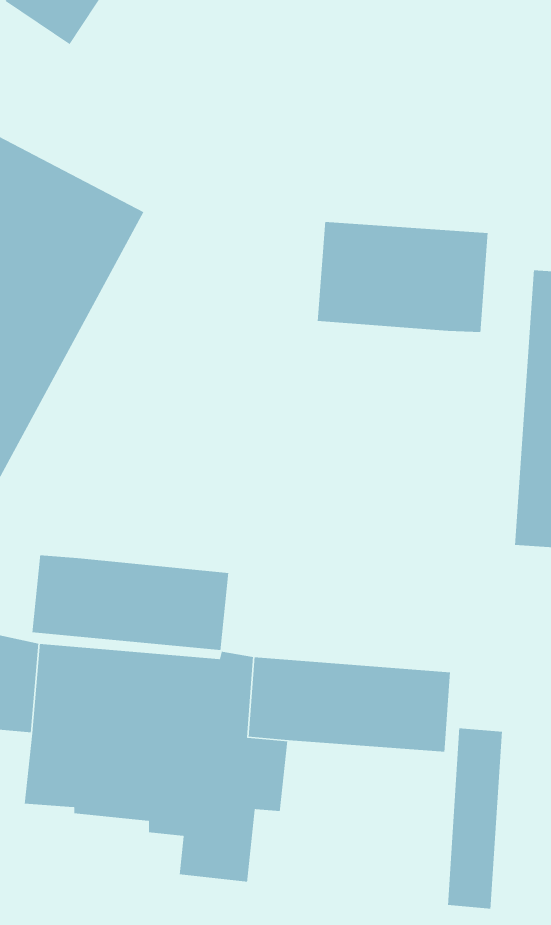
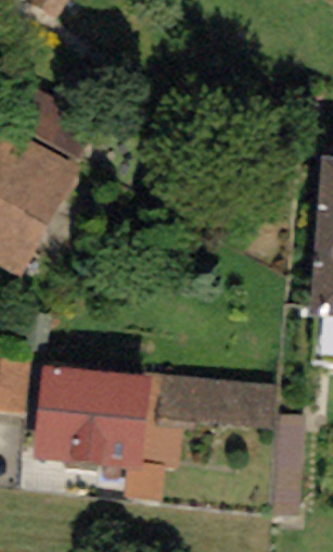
building: [317,221,489,333] -> none
building: [31,554,229,651] -> none

